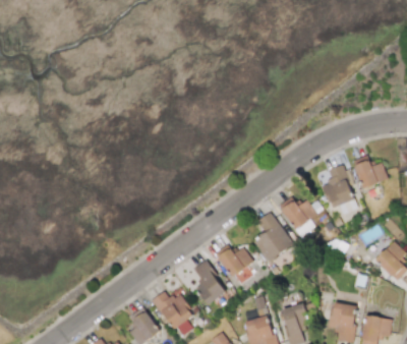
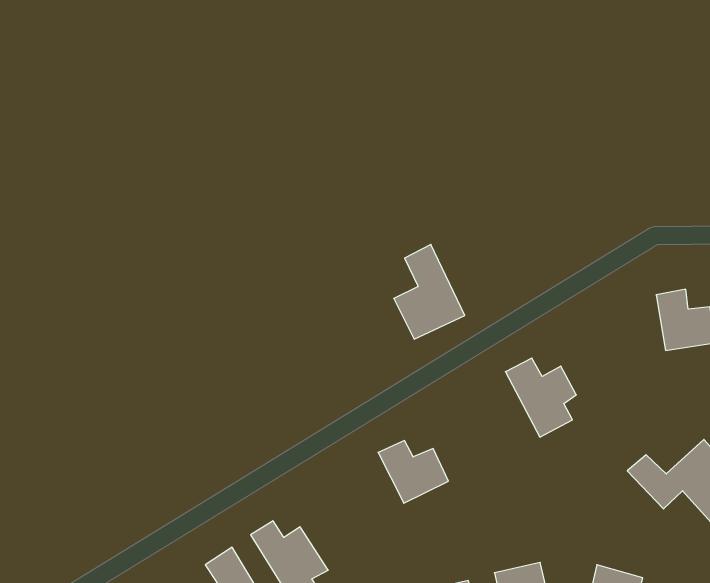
building: [325,165,356,212] -> none
building: [254,211,292,261] -> [394,244,465,339]
building: [193,261,227,305] -> none

